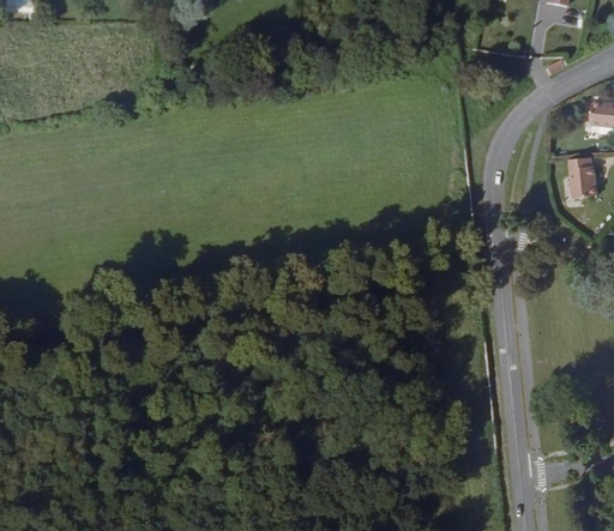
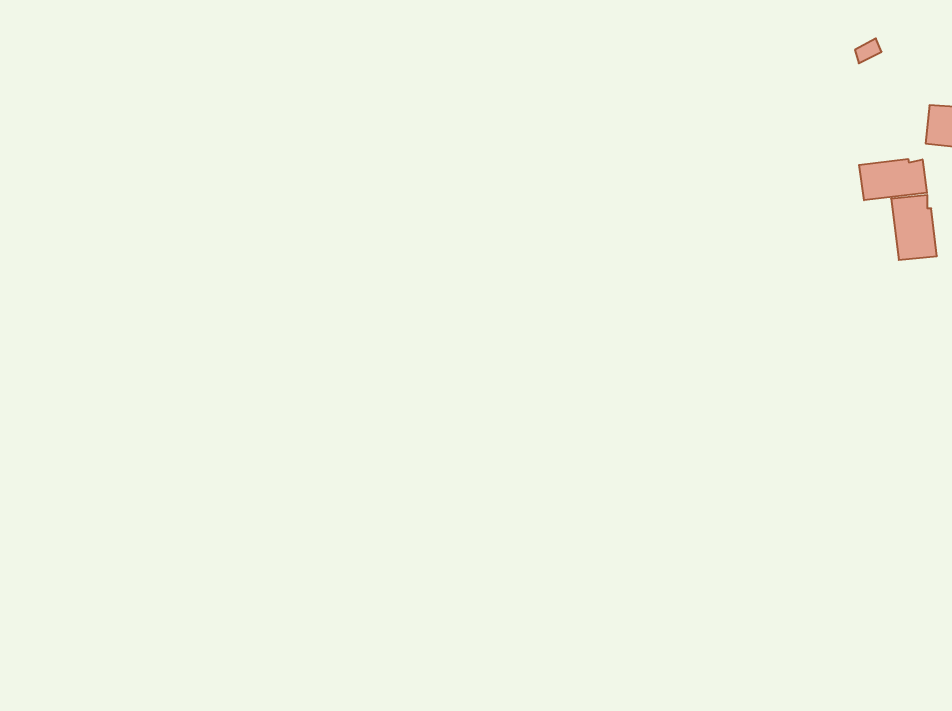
building: none -> [859,159,927,200]

